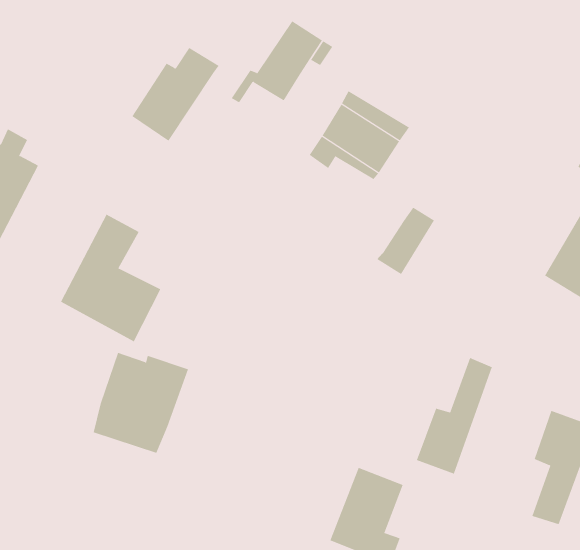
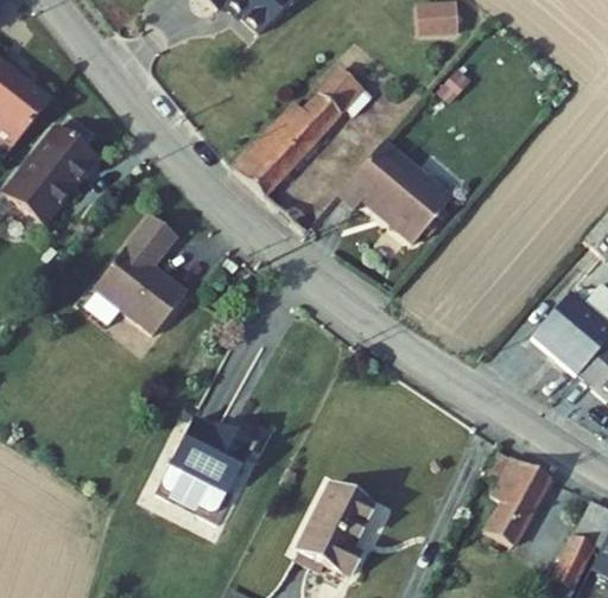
building: [132,47,220,141] -> [236,116,323,198]
building: [377,207,435,275] -> [392,180,450,240]
building: [93,352,189,454] -> [160,412,256,509]
building: [416,357,493,474] -> none

